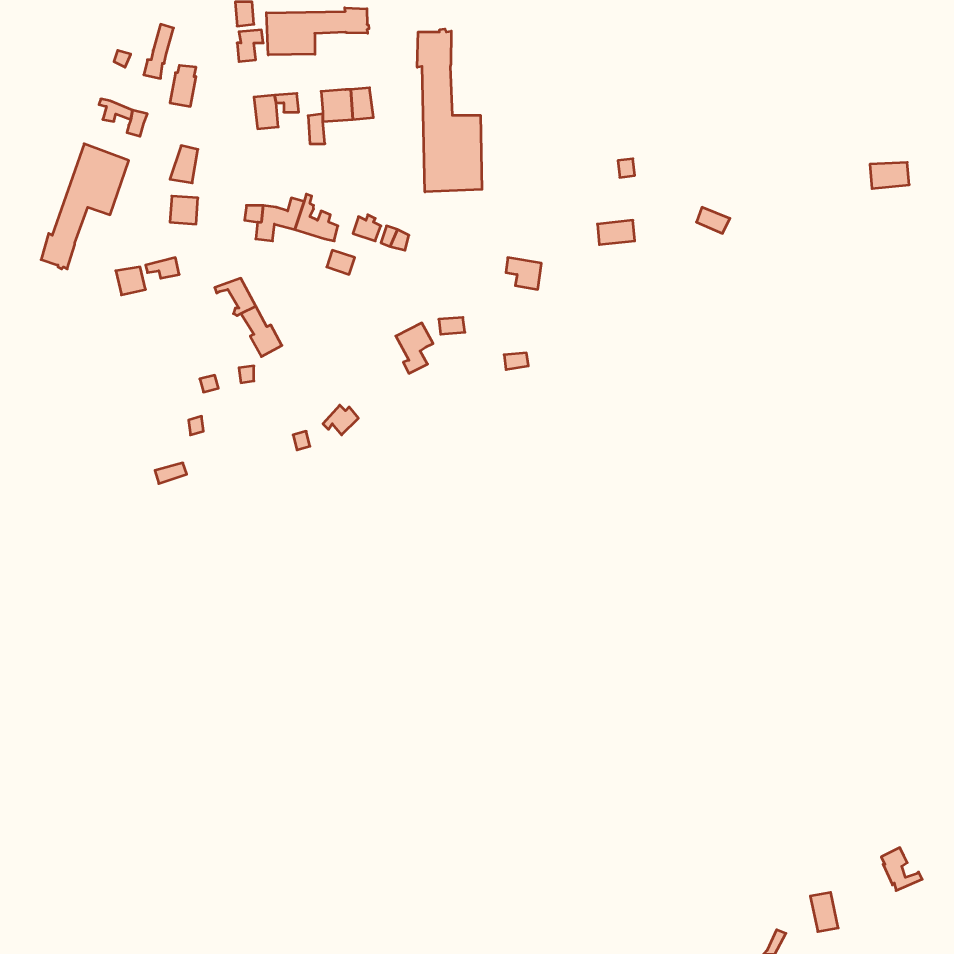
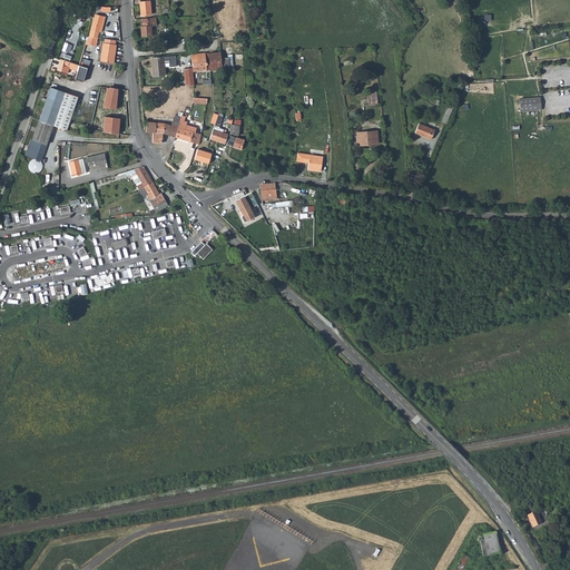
building: [266,8,369,55] -> none
building: [417,29,482,192] -> none

